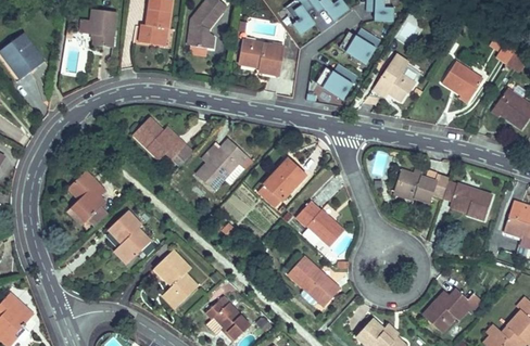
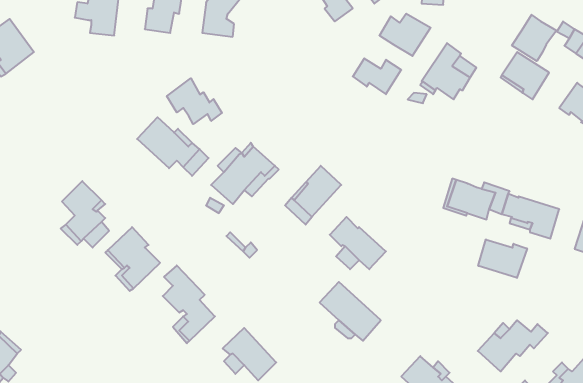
building: none -> [512,15,556,61]
building: [239,39,283,75] -> none
building: none -> [167,78,222,124]
building: none -> [478,239,527,278]

